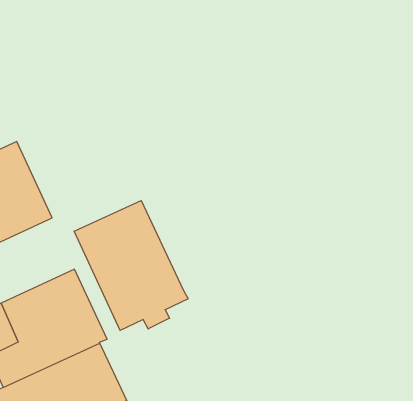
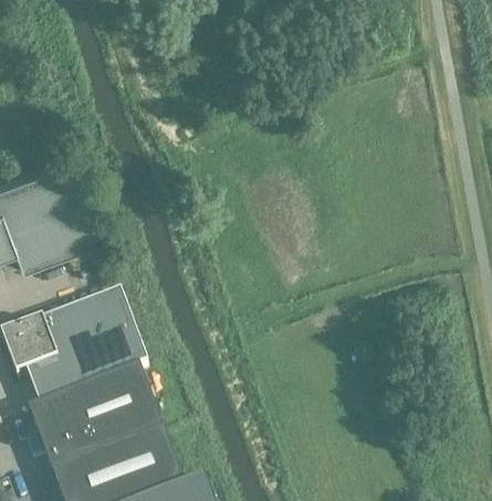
building: [74,201,188,330] -> none

